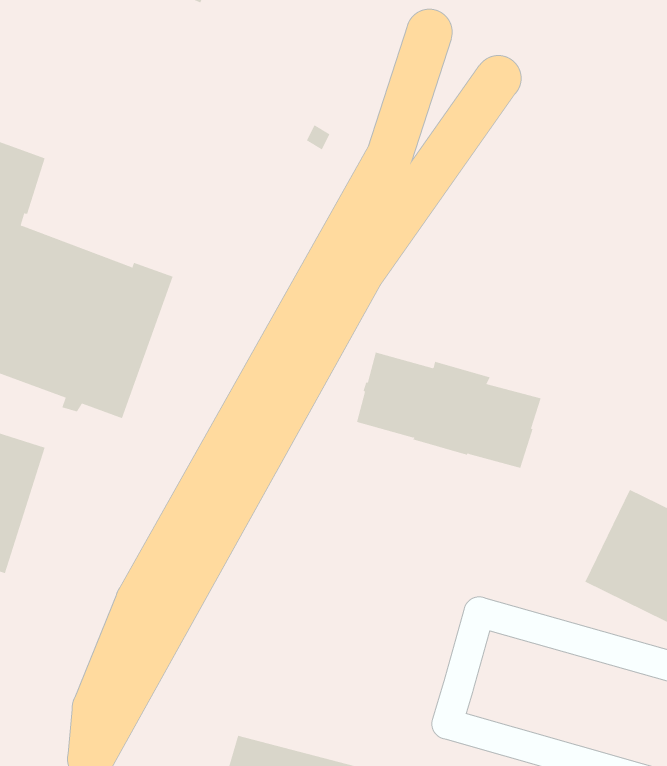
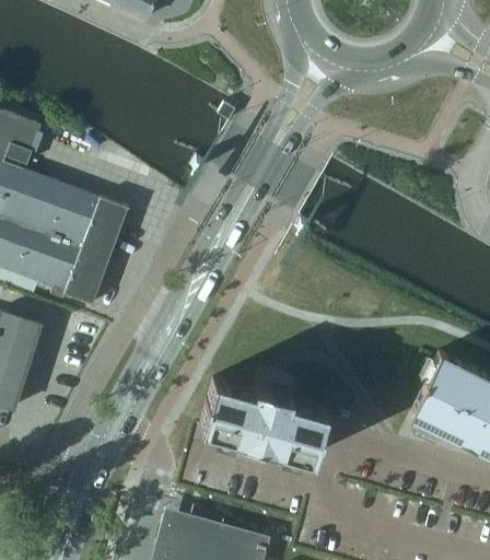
building: [356,352,542,468] -> [198,376,325,456]

